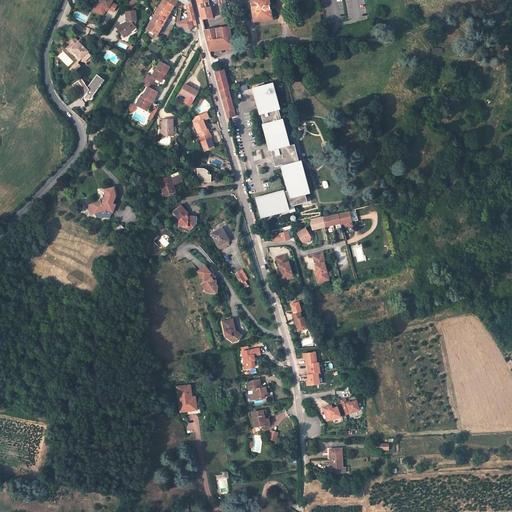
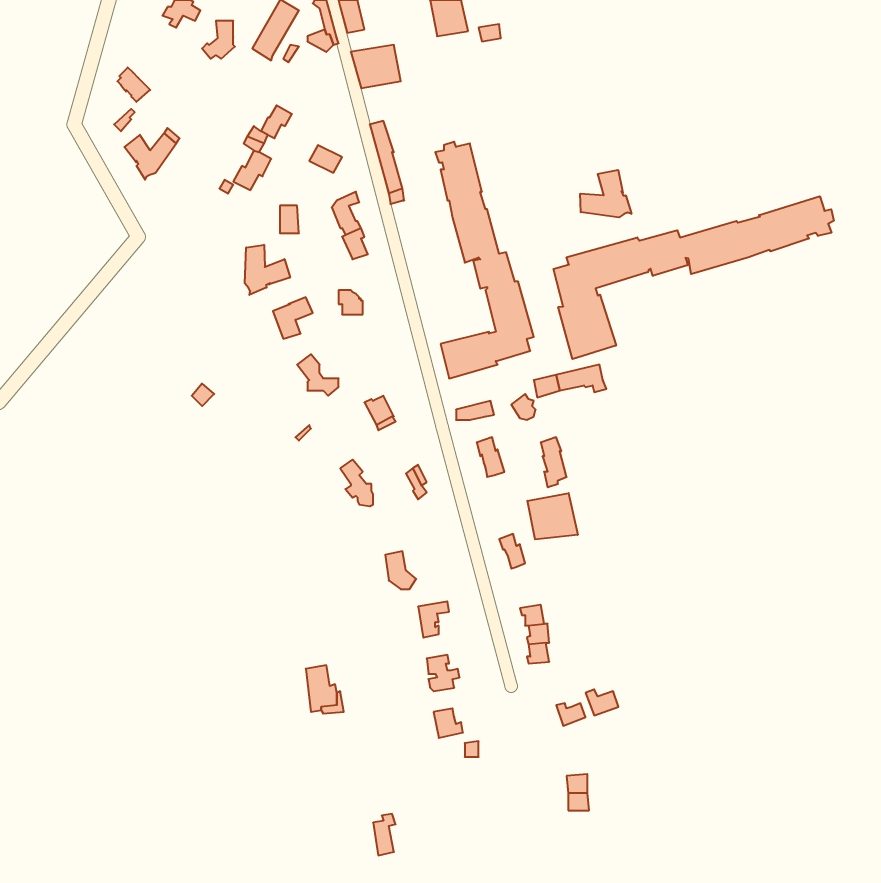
building: none -> [580,170,631,217]
building: none -> [553,196,834,359]
building: none -> [245,245,290,295]
building: [90,187,115,213] -> none
building: none -> [527,493,578,539]

